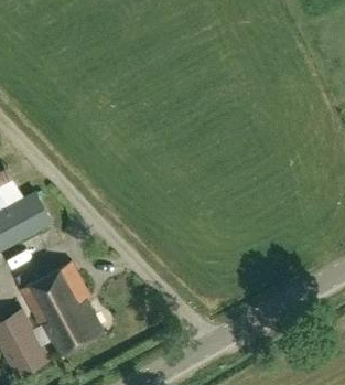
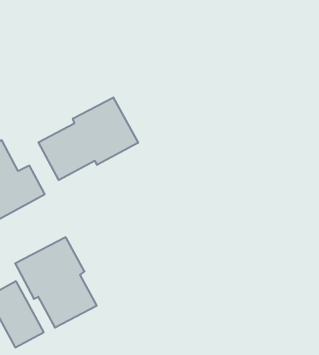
building: none -> [38,97,138,180]

